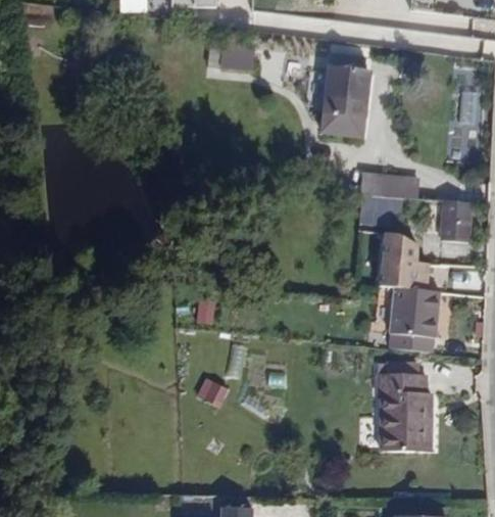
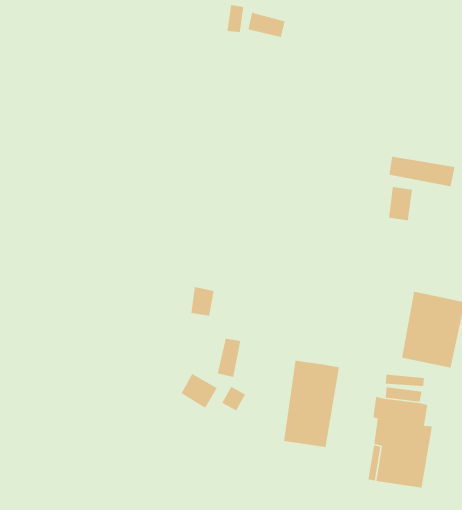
building: [324,62,374,132] -> none
building: [378,231,428,288] -> none
building: none -> [283,360,340,448]

